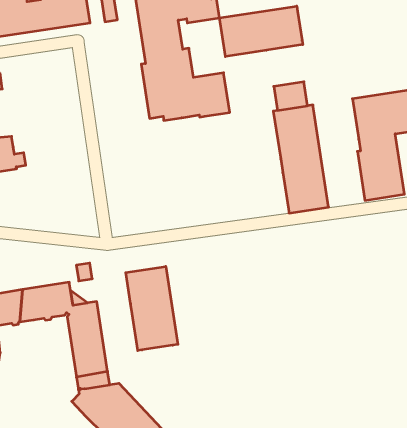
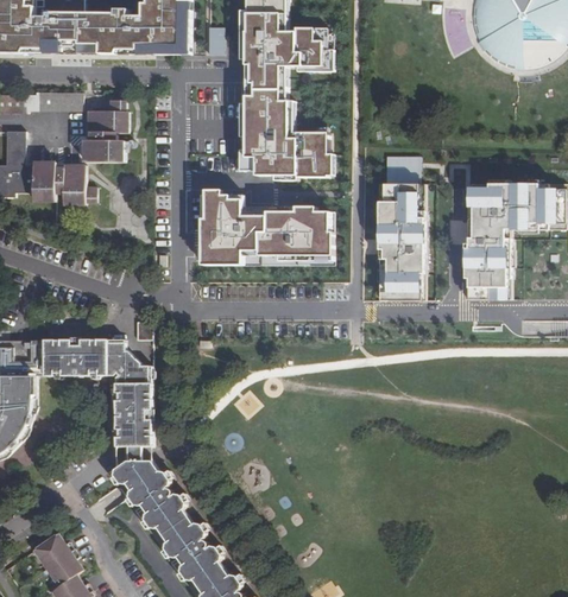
building: [219,6,303,57] -> none
building: none -> [83,100,125,161]
building: none -> [201,193,333,263]
building: [126,266,178,351] -> none

